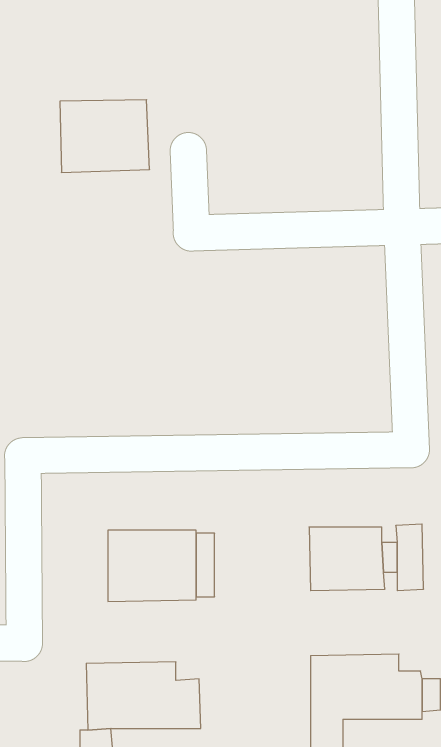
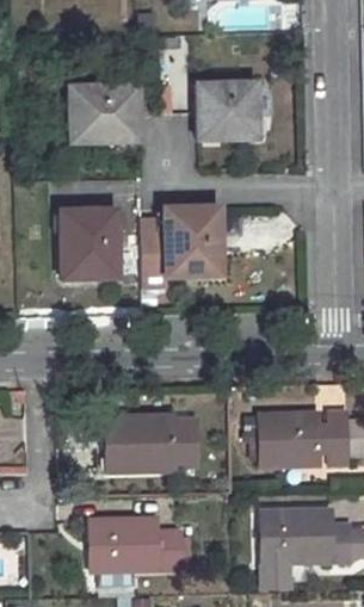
building: none -> [197,82,258,140]
building: none -> [140,205,220,285]
building: none -> [61,208,118,277]

